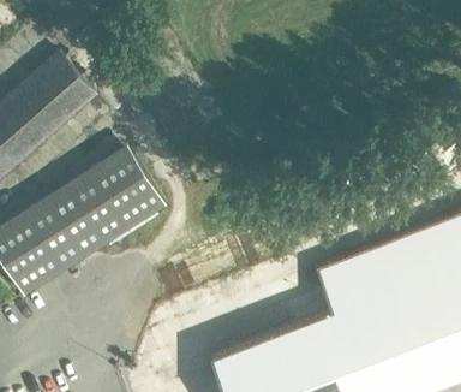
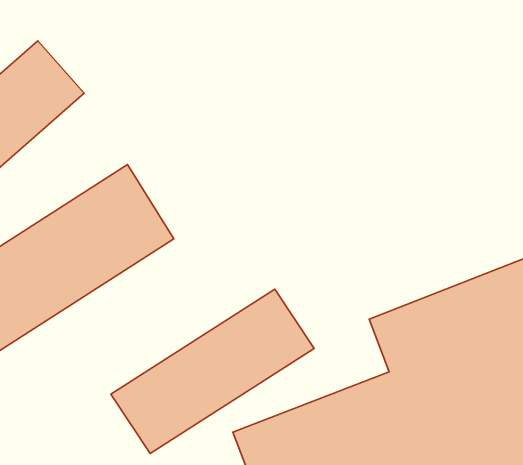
building: none -> [111,289,314,454]

